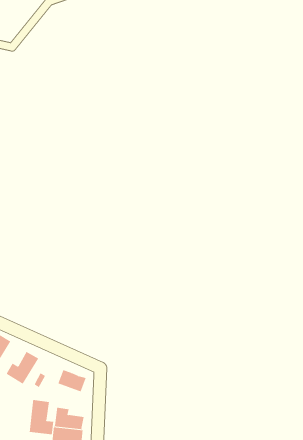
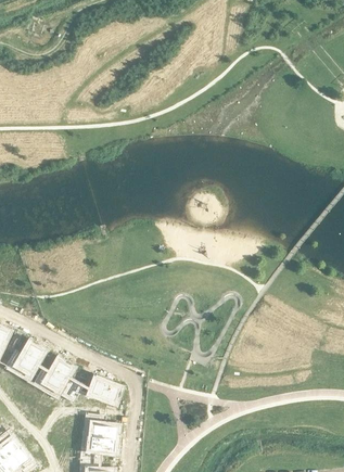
building: [29,399,54,435] -> none

